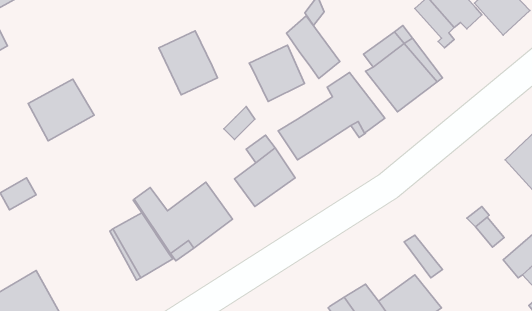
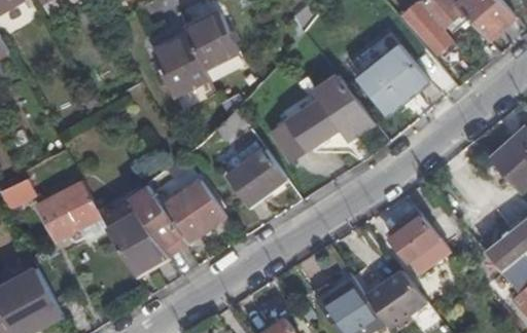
building: [286,16,340,78] -> none
building: [249,45,305,102] -> [187,14,241,69]
building: [28,79,94,141] -> [37,181,101,240]
building: none -> [401,216,450,265]

